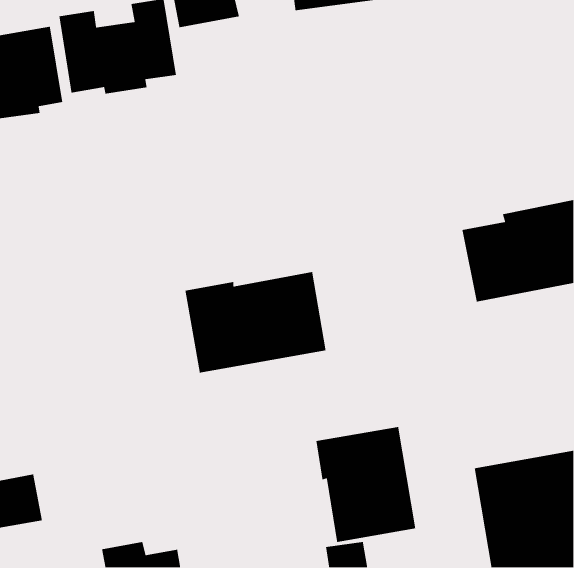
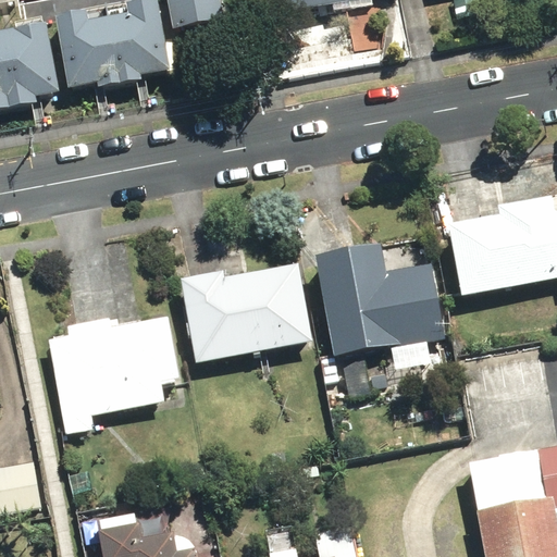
building: none -> [317,242,446,396]
building: none -> [48,317,178,431]
building: [315,426,416,543] -> none

